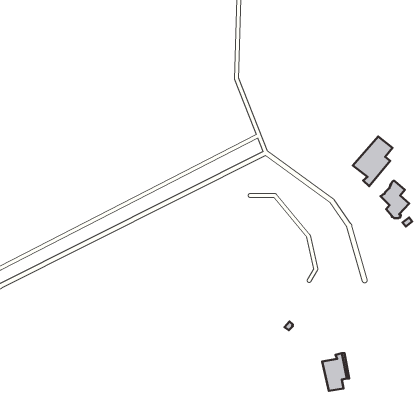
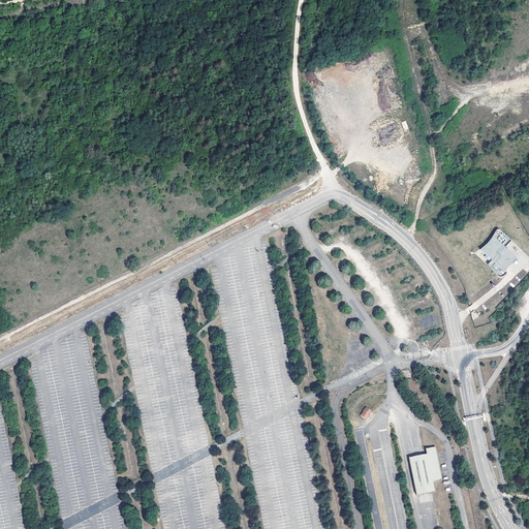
building: [353,137,393,186] -> none

